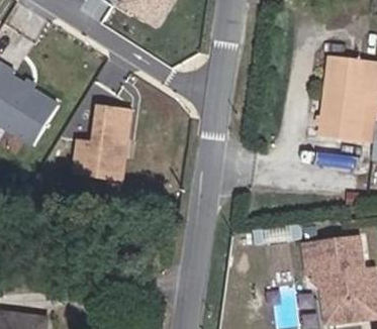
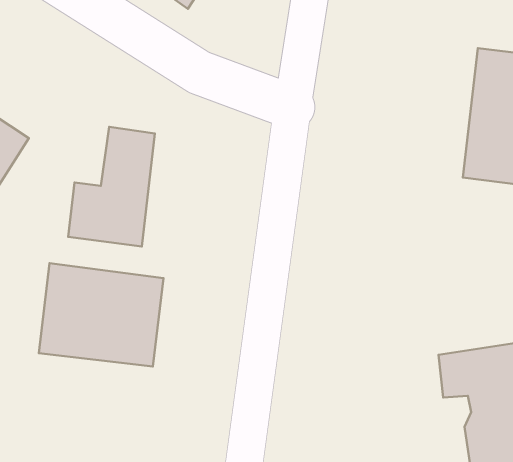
building: none -> [39,263,163,366]

